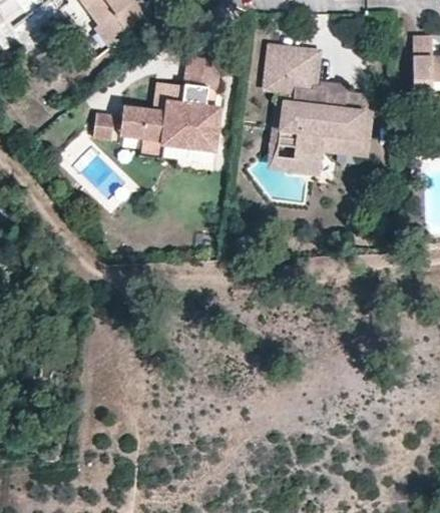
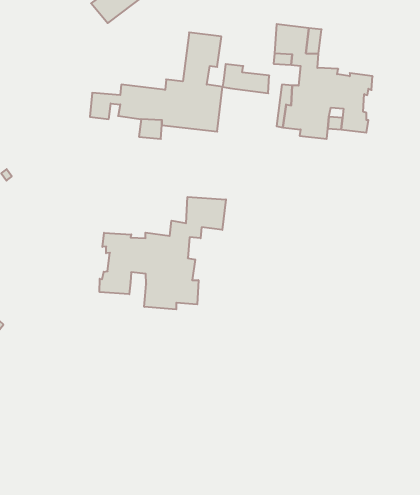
building: [276,145,321,173] -> [222,64,269,93]
building: none -> [100,197,226,309]

